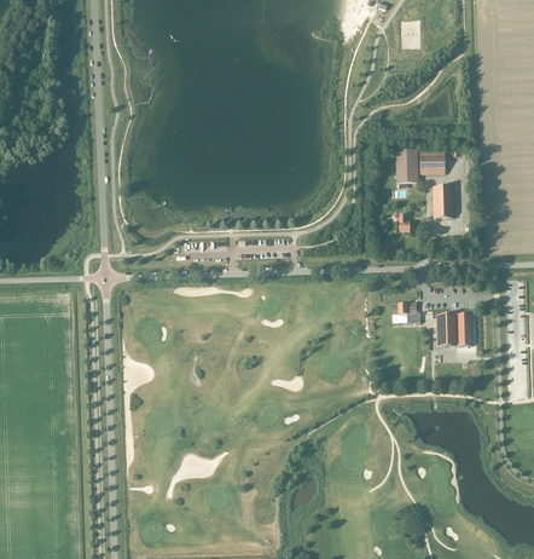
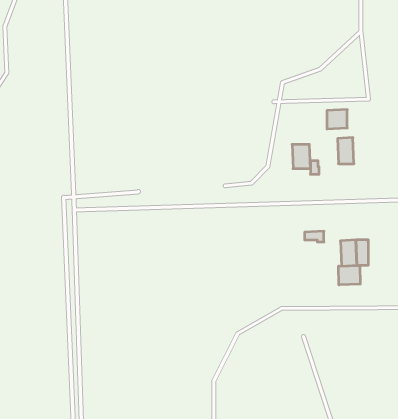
building: [395,151,418,181] -> [292,144,310,169]
building: none -> [339,265,360,285]

